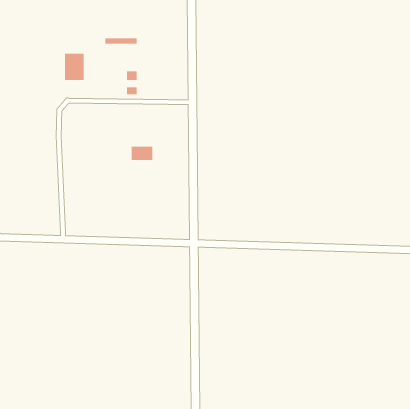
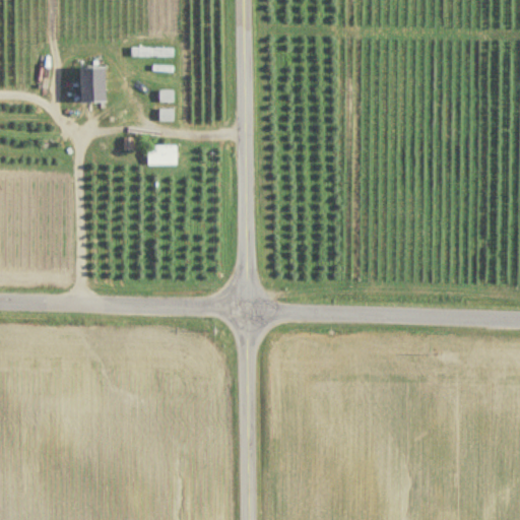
building: [131,146,153,161] -> [148,145,177,164]

